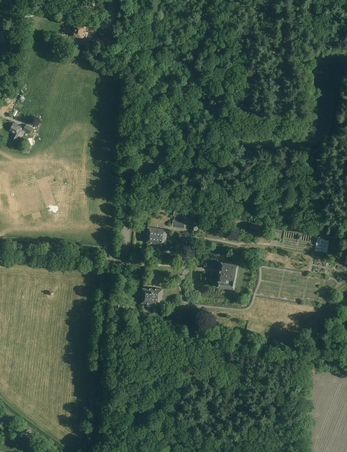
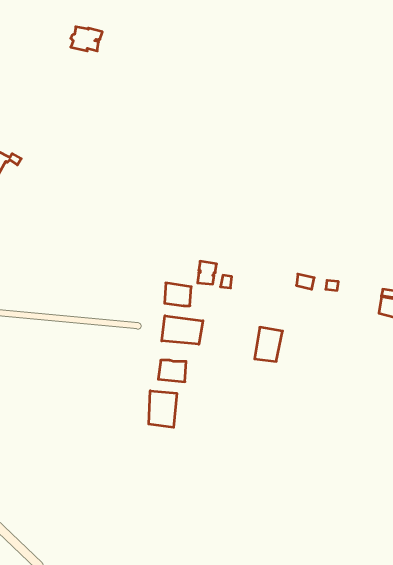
building: none -> [162,316,203,344]
building: none -> [149,391,177,427]

